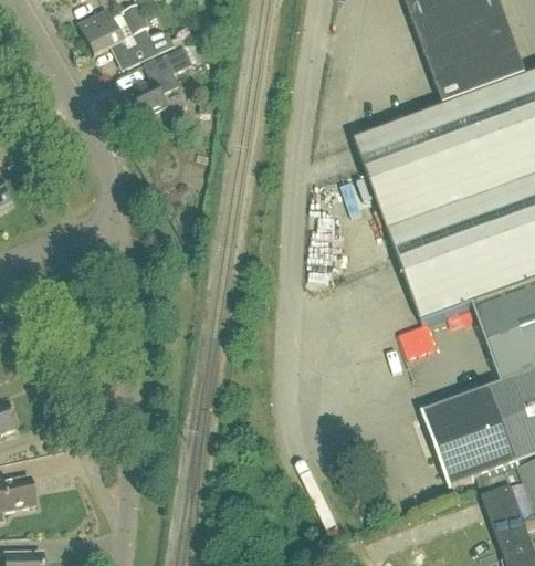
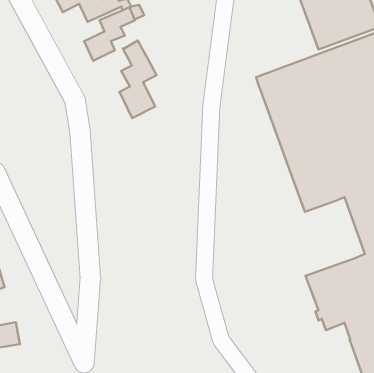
building: none -> [119,41,156,118]

